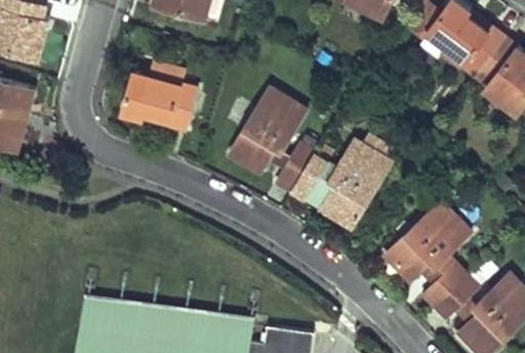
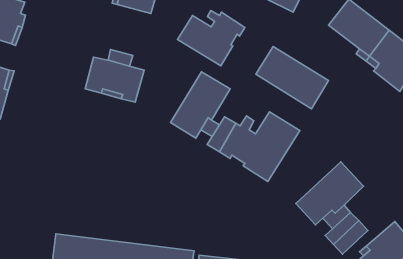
building: none -> [178,11,245,66]
building: none -> [256,47,328,109]

